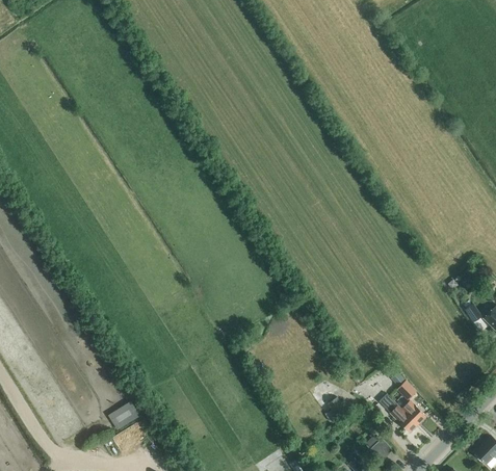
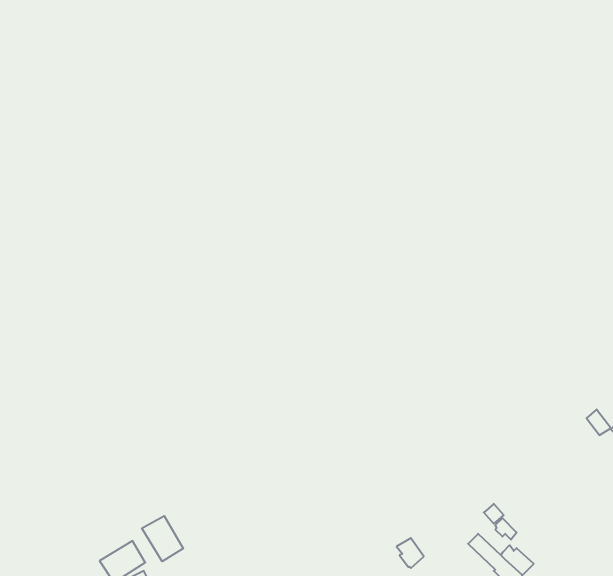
building: none -> [142,516,183,561]

